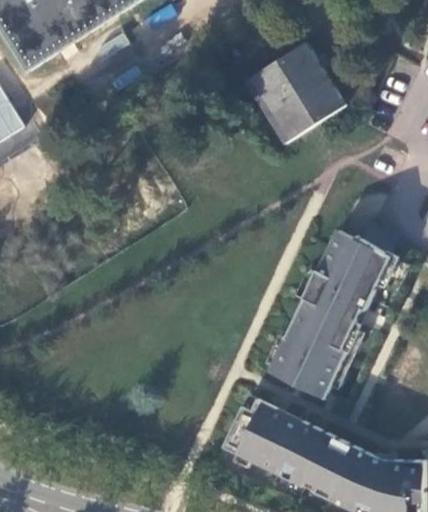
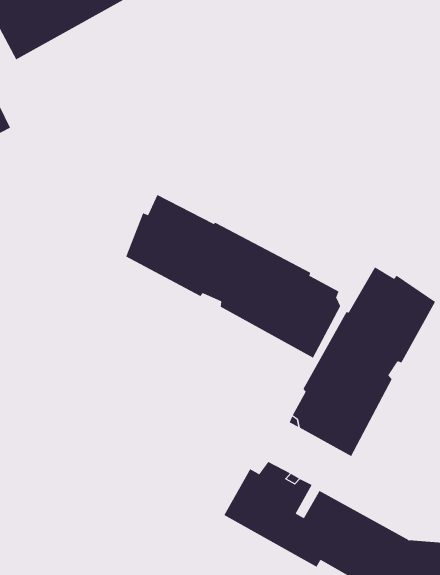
building: [249,43,345,141] -> none
building: none -> [125,194,341,359]

